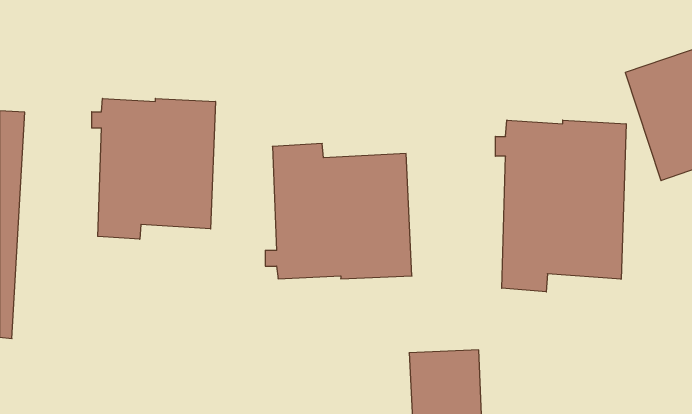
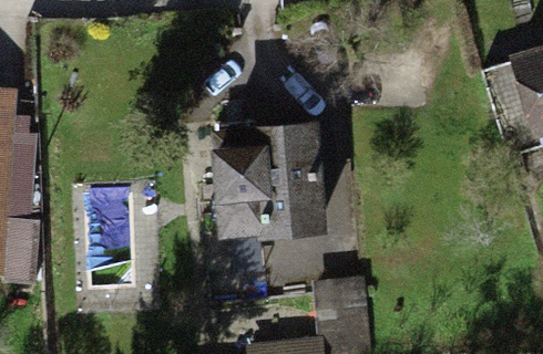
building: [92,98,215,239] -> none
building: [495,120,626,292] -> none

